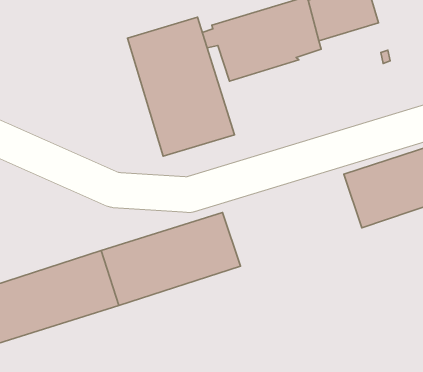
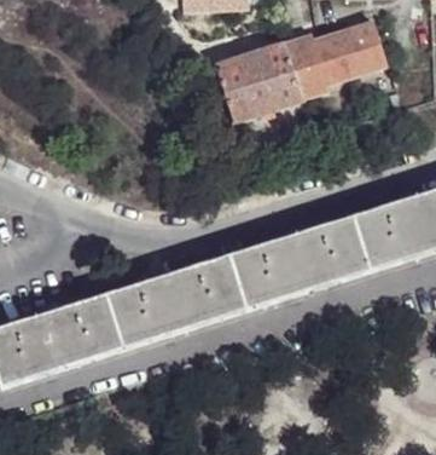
building: [127,17,234,156] -> none
building: none -> [228,215,370,309]

